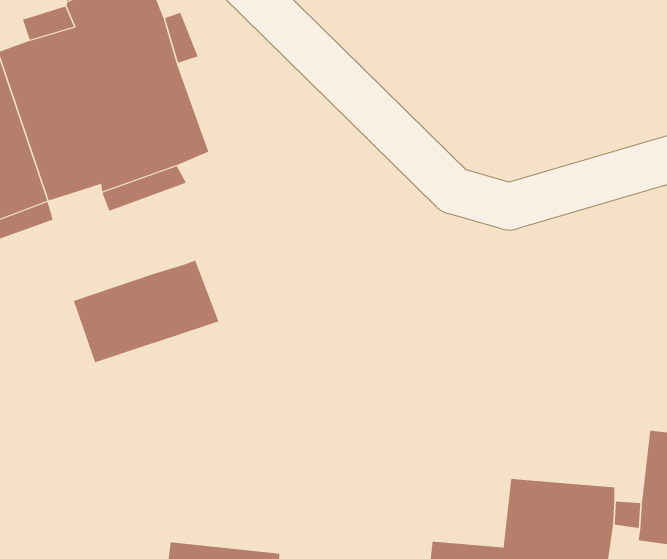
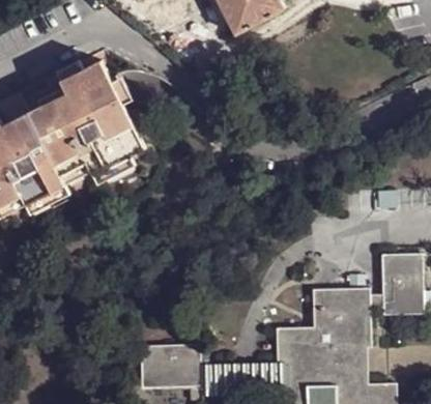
building: [73,260,219,363] -> none

